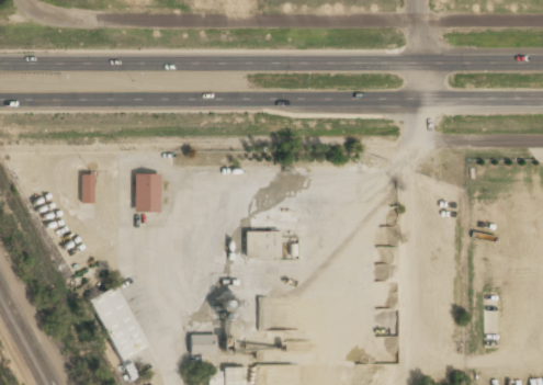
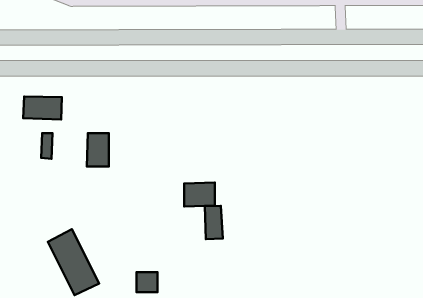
building: none -> [23,97,62,120]
building: none -> [205,206,223,239]

